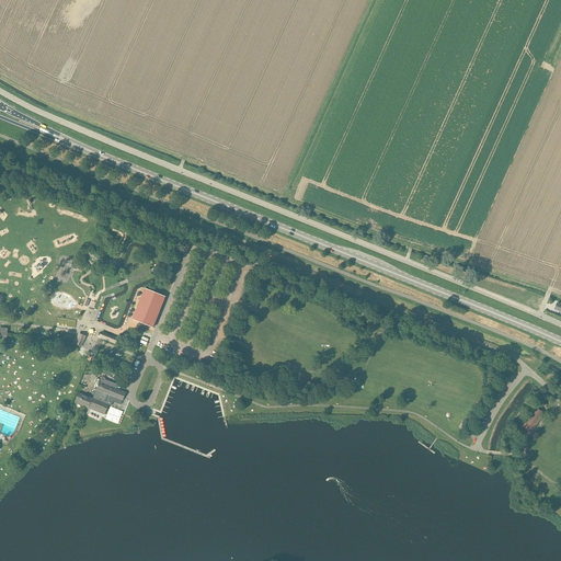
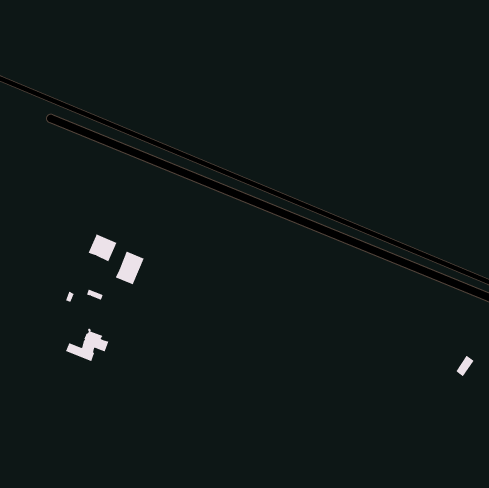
building: none -> [88,234,117,262]

